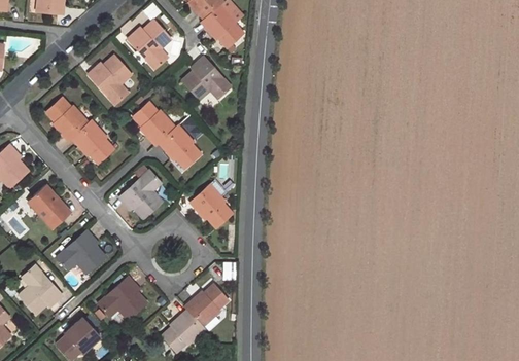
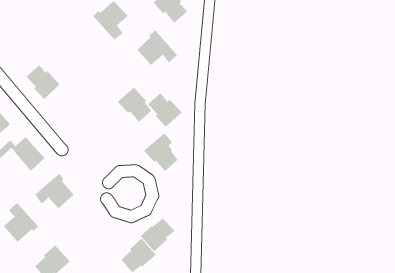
building: [86,55,131,104] -> none
building: [132,102,175,145] -> [147,92,183,128]
building: [71,120,114,164] -> none
building: [118,170,163,219] -> none
building: [97,277,146,321] -> none

